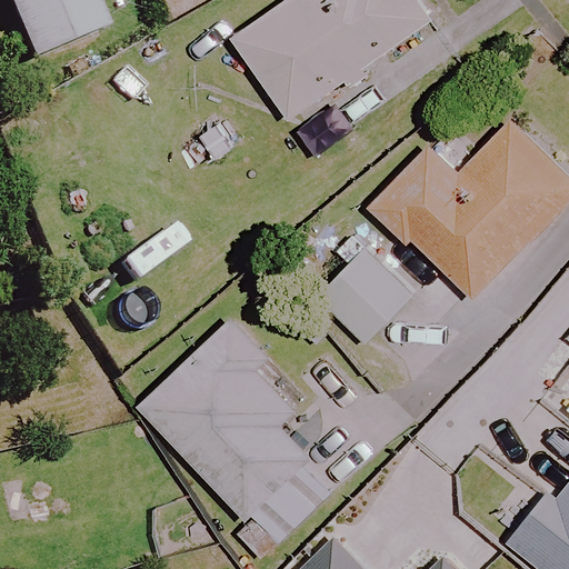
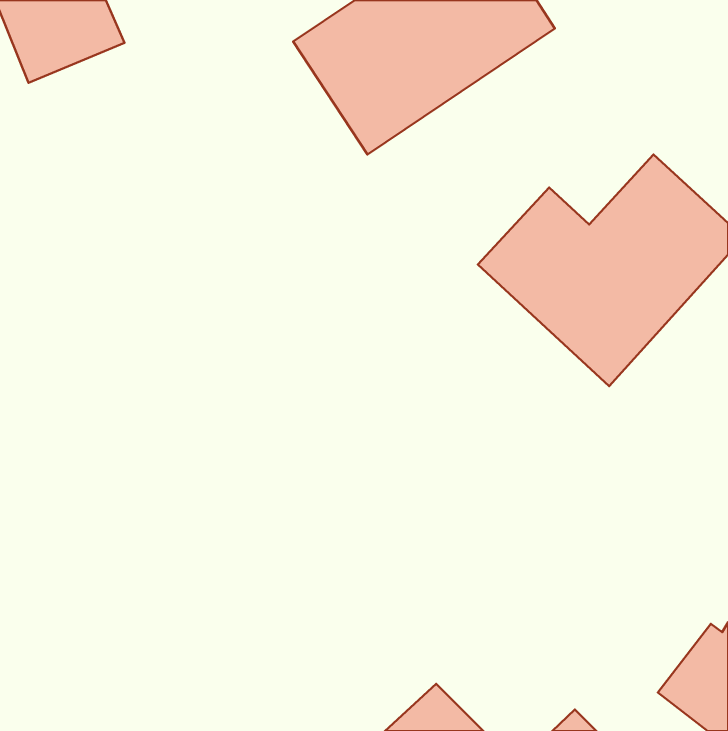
building: [327,249,415,337] -> none
building: [140,319,316,561] -> none

